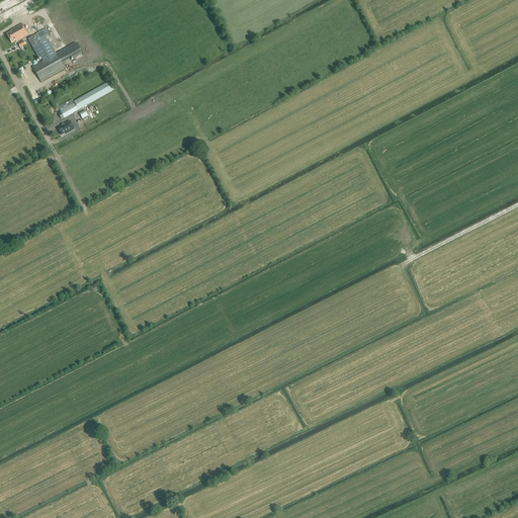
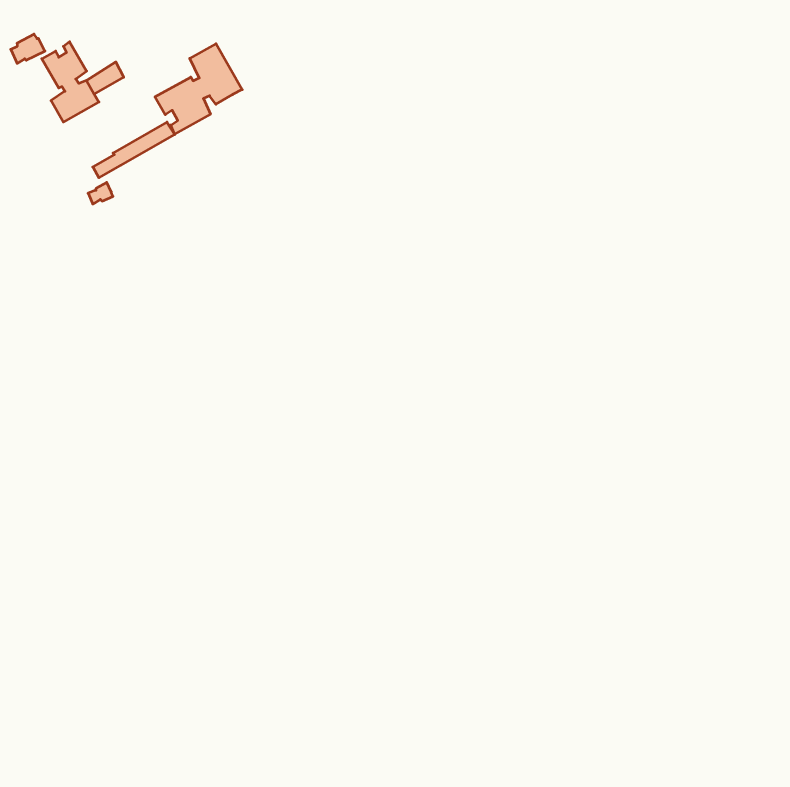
building: none -> [155,44,242,134]

